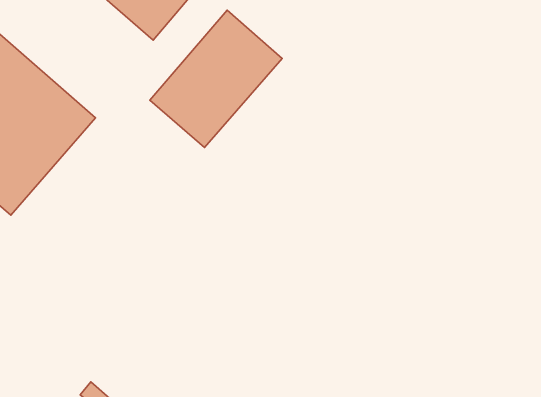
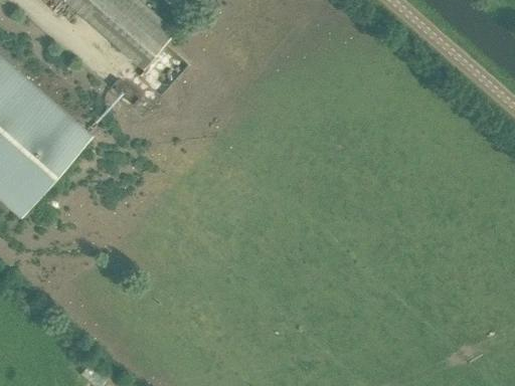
building: [150,10,282,147] -> none

